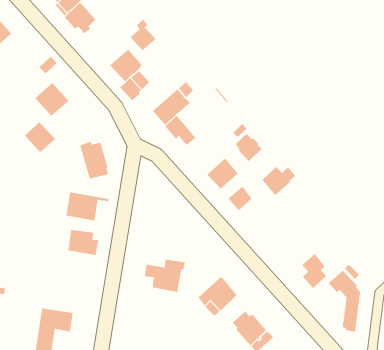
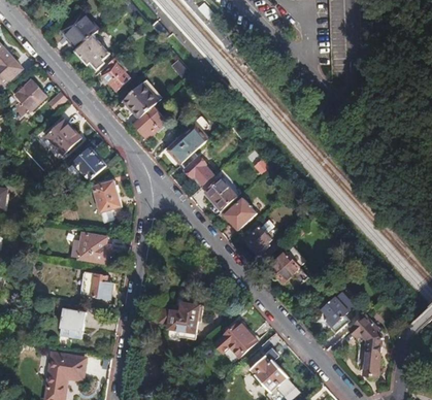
building: [130,18,157,51] -> [102,56,130,90]
building: none -> [14,79,46,111]
building: [24,121,56,153] -> [73,147,106,180]
building: [235,133,263,162] -> [207,180,236,210]
building: [261,166,296,196] -> [270,252,306,282]
building: none -> [60,307,89,337]

